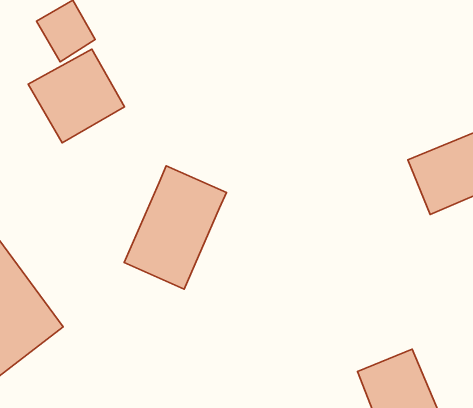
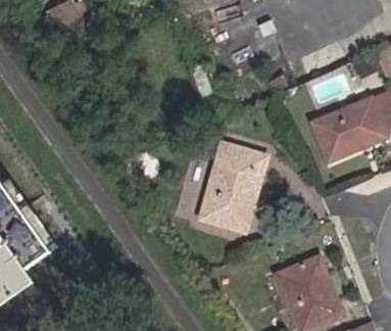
building: [28,49,125,143] -> none
building: [124,166,226,289] -> [198,147,273,237]

